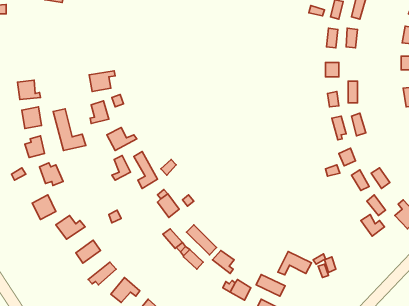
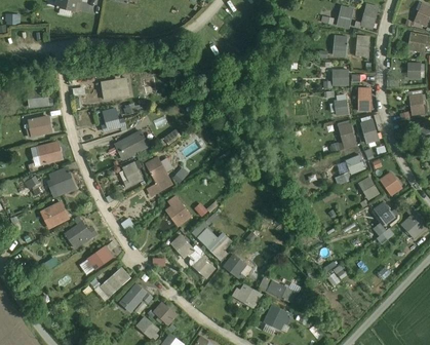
building: [53,109,86,150] -> none
building: [278,252,311,275] -> none

